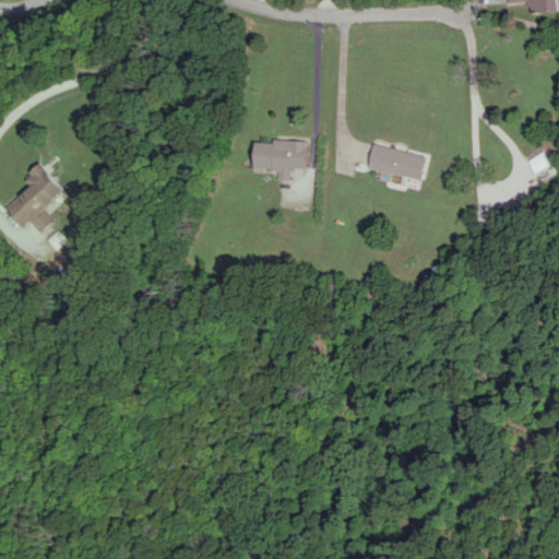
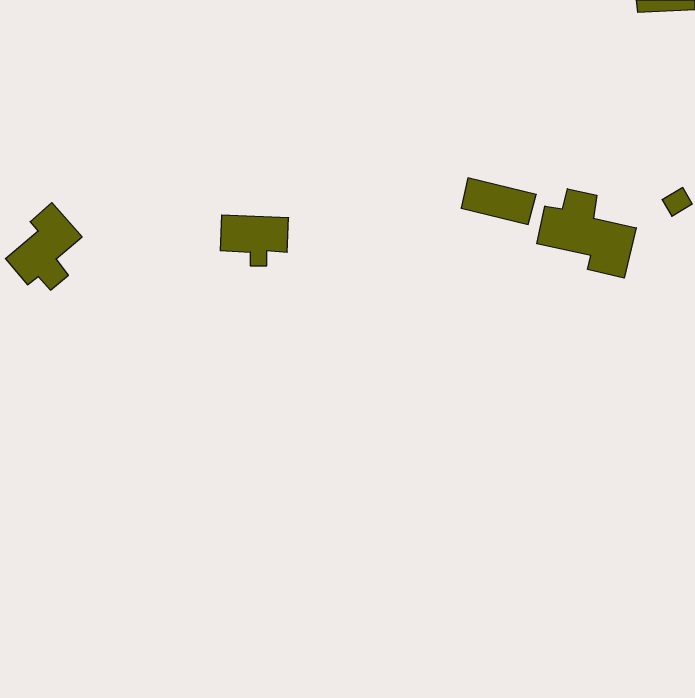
building: [250,140,305,180] -> [220,215,289,266]
building: none -> [537,189,636,278]

